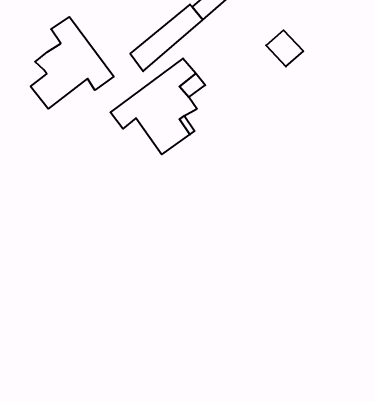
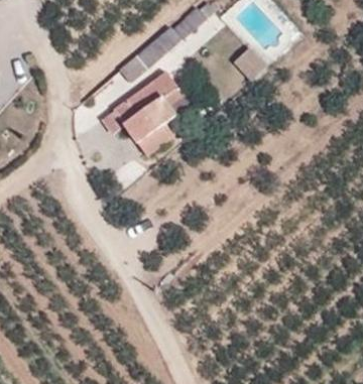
building: [31,17,114,109] -> none

